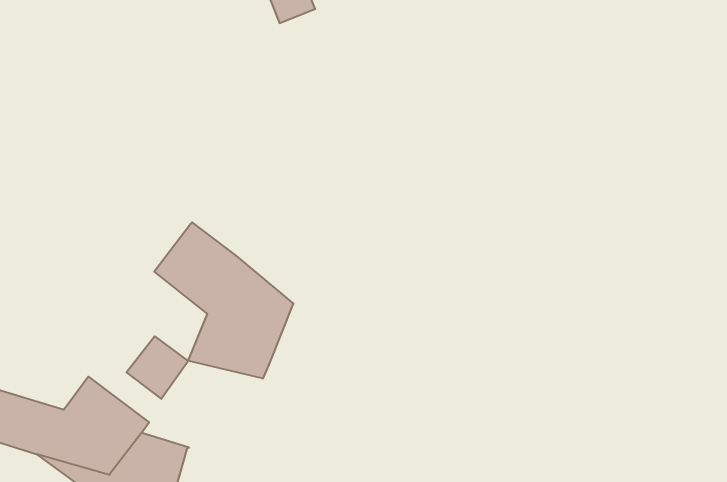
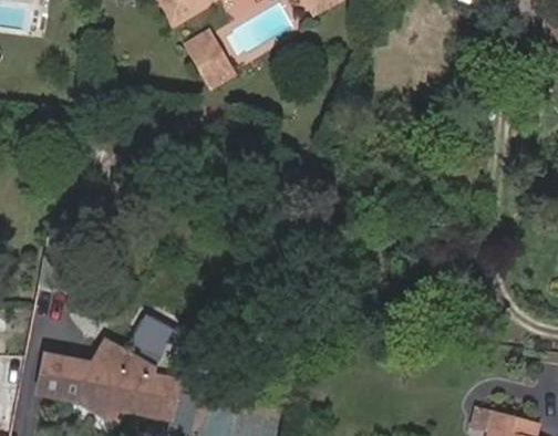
building: [154,222,293,379] -> none

